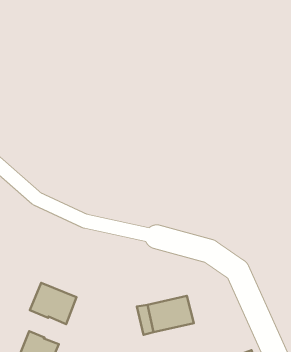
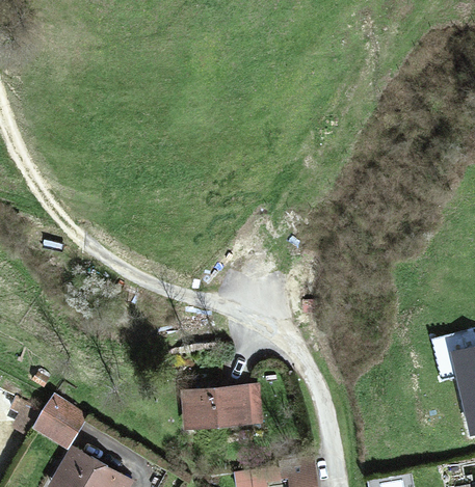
building: [30,283,77,324] -> none

